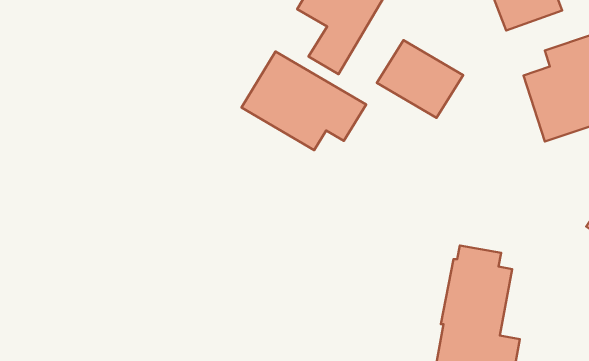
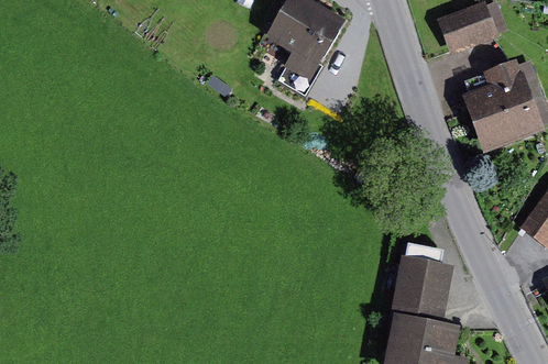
building: [377,40,463,118] -> none
building: [241,52,366,150] -> none

